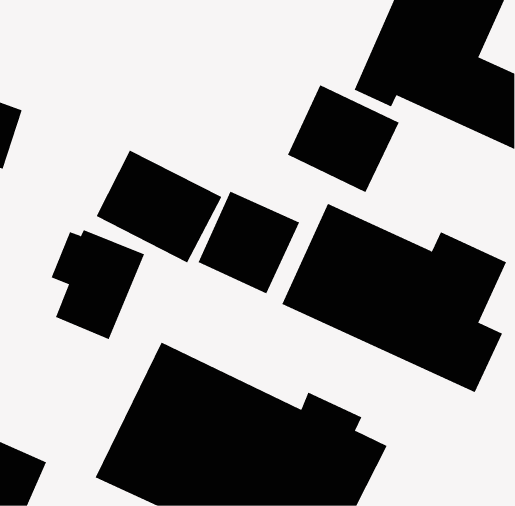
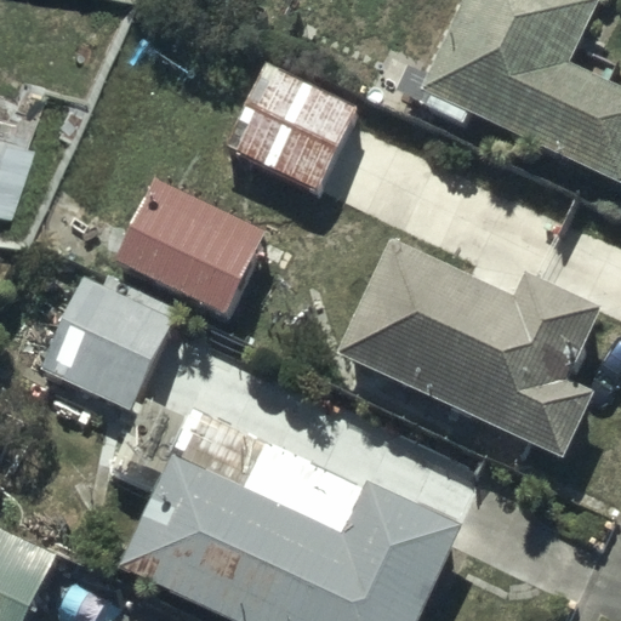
building: [287,85,399,193] -> [224,62,358,190]
building: [198,191,300,294] -> none

